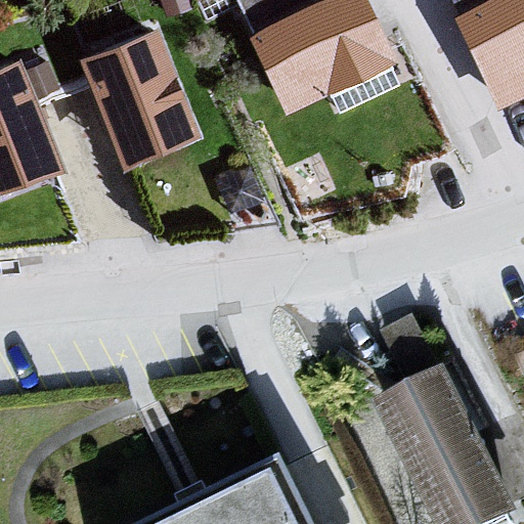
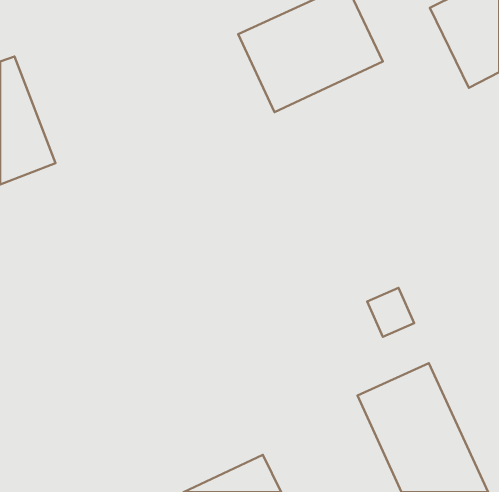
building: [79,28,202,170] -> none

